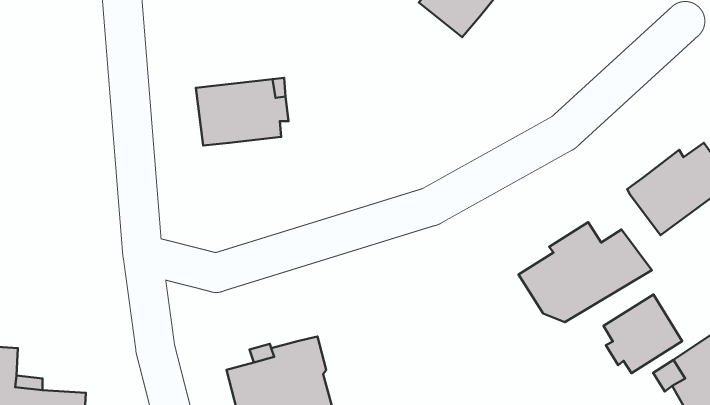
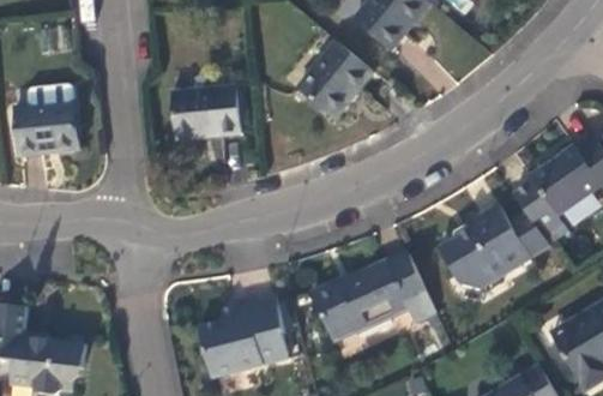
building: none -> [300,43,375,121]
building: none -> [18,85,82,158]
building: none -> [310,256,433,335]
building: [604,295,682,373] -> none

